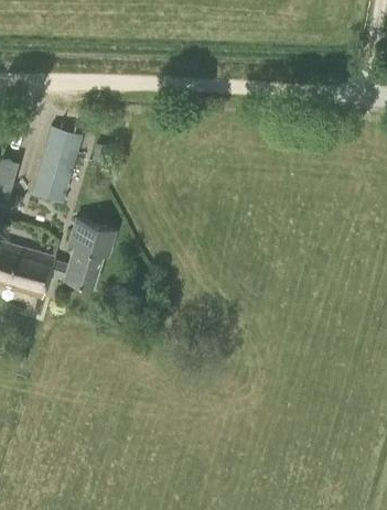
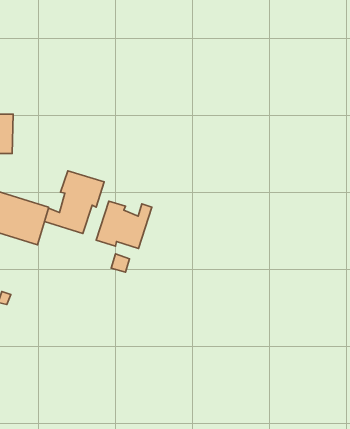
building: [32,128,80,202] -> none
building: none -> [96,201,152,249]

